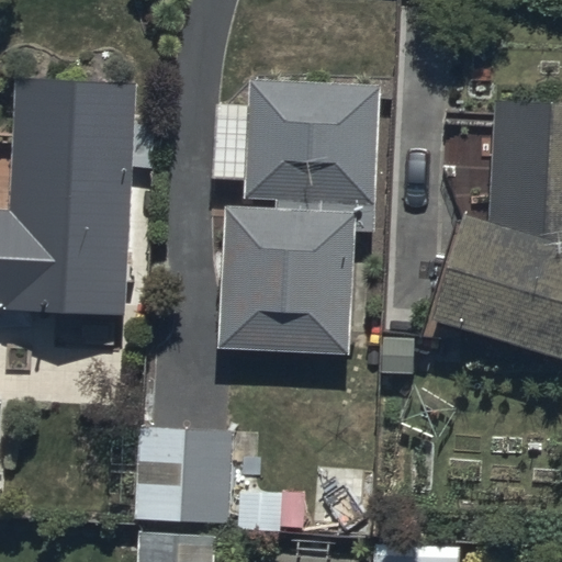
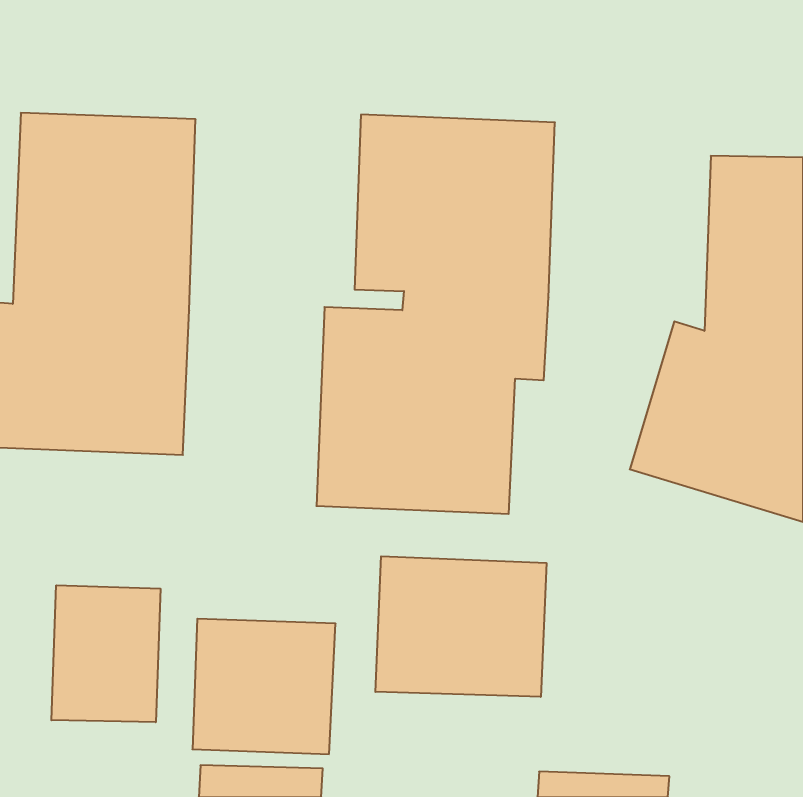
building: none -> [375,556,546,697]
building: none -> [51,585,160,722]

